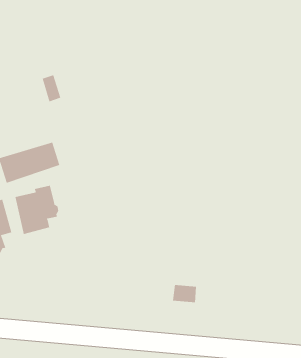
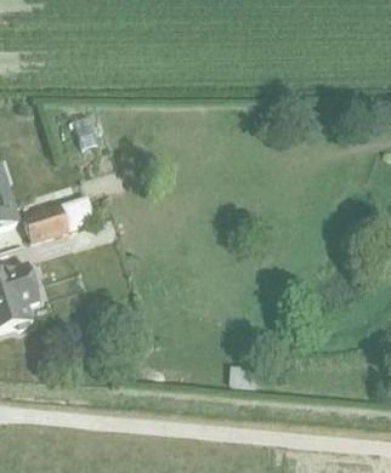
building: [15,185,59,235] -> none

